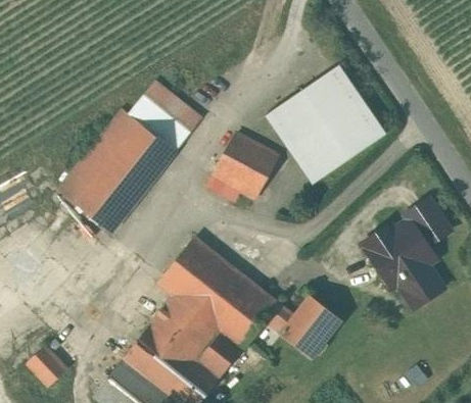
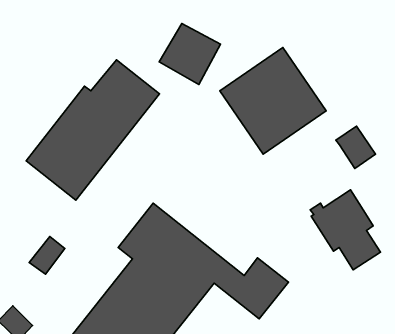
building: [213,133,279,199] -> [159,23,220,85]
building: [406,201,449,247] -> [336,126,375,168]
building: none -> [29,236,65,274]

